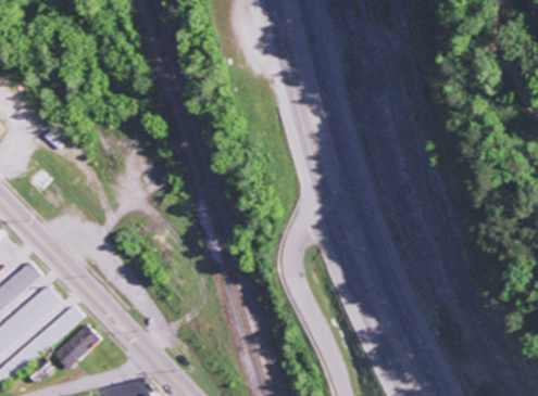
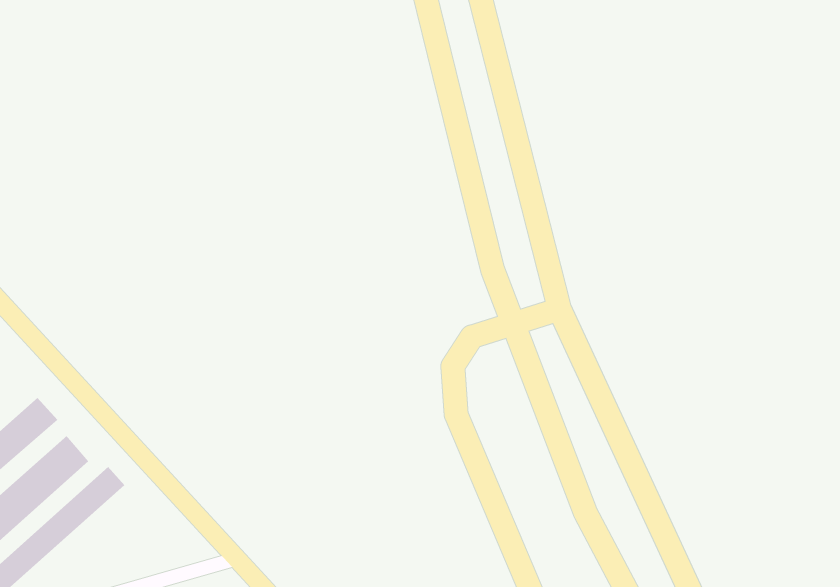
building: [53,324,99,370] -> none

